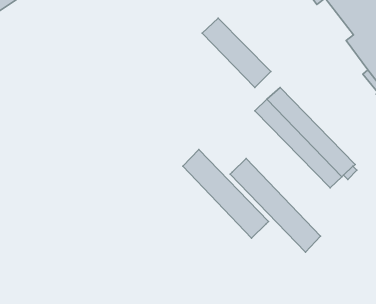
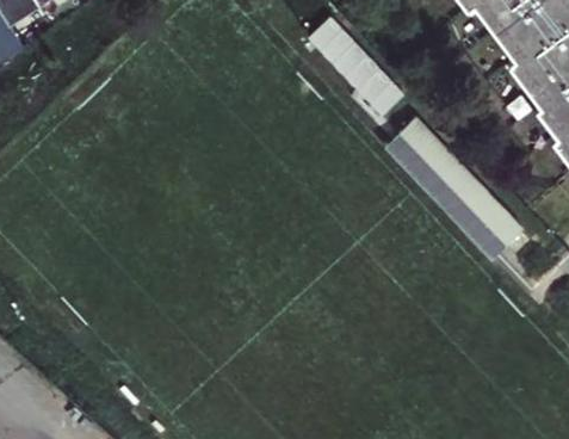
building: [183,150,269,238] -> none
building: [230,158,320,252] -> none

